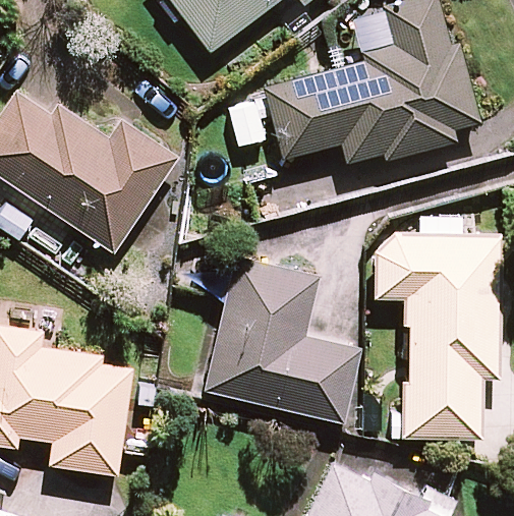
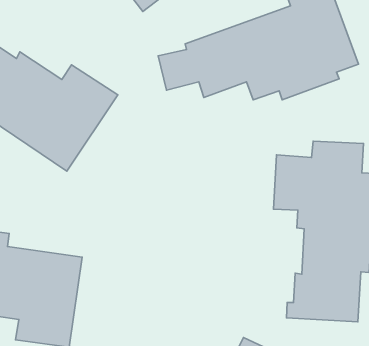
building: [206,257,360,422] -> none

